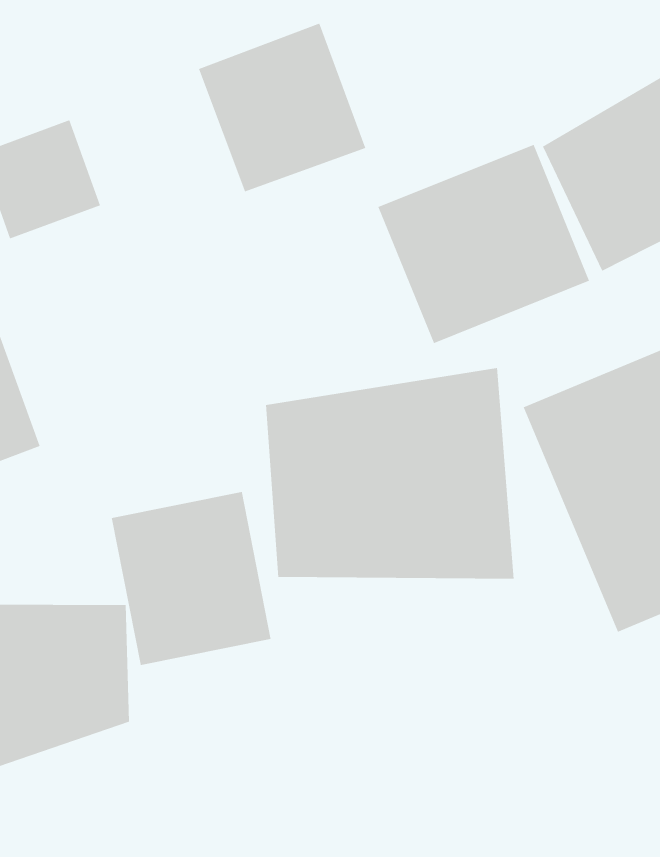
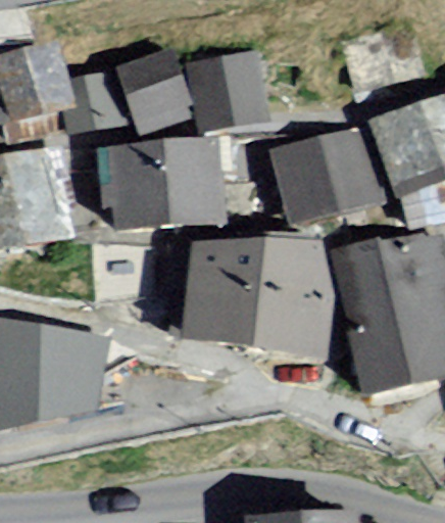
building: none -> [118,48,193,130]
building: none -> [103,135,226,234]
building: [111,491,271,666] -> none

